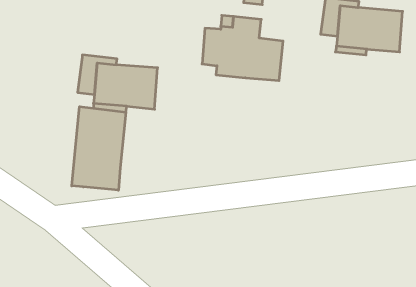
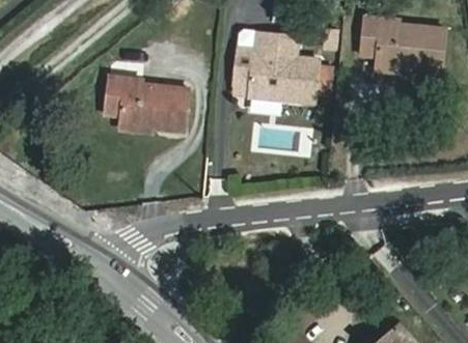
building: [72,107,126,190] -> none

